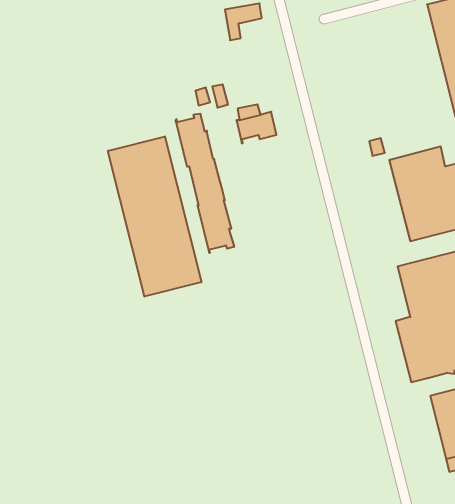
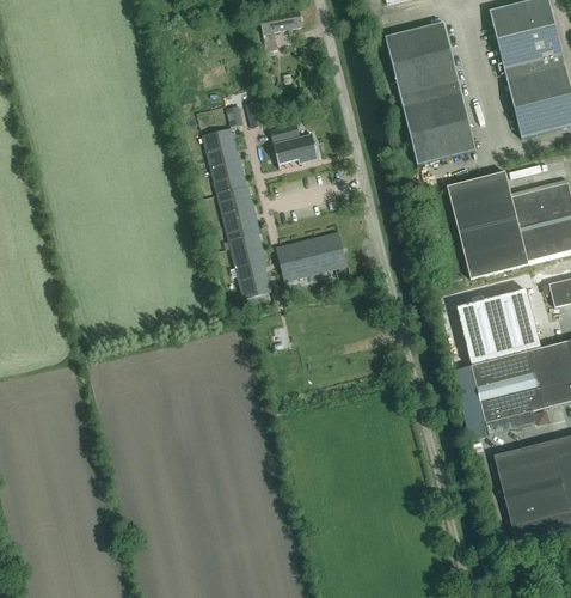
building: none -> [386,22,475,164]
building: [108,136,201,297] -> none
building: none -> [281,231,348,281]

